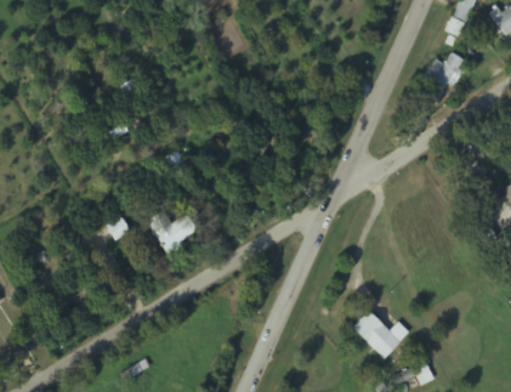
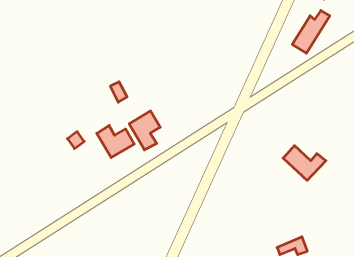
building: none -> [129,111,160,150]
building: [350,311,408,358] -> [283,146,326,180]

